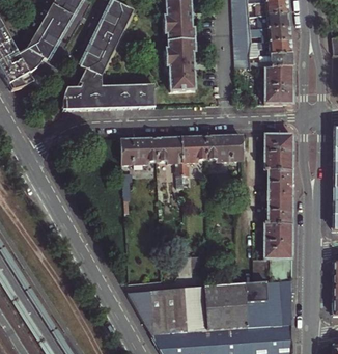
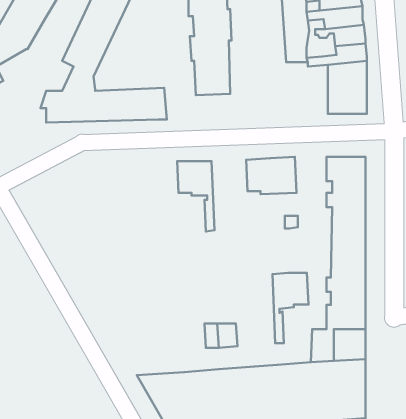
building: [181,136,207,187] -> [272,273,308,343]
building: [121,137,158,164] -> none

